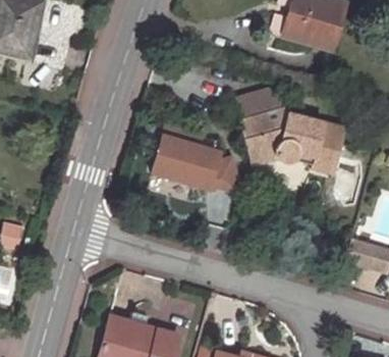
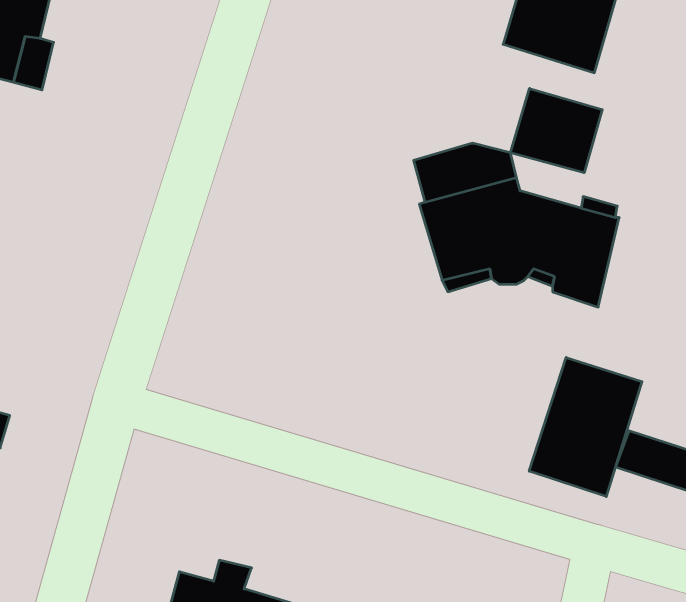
building: none -> [511,88,602,173]
building: [152,124,244,196] -> none
building: none -> [529,357,642,497]

